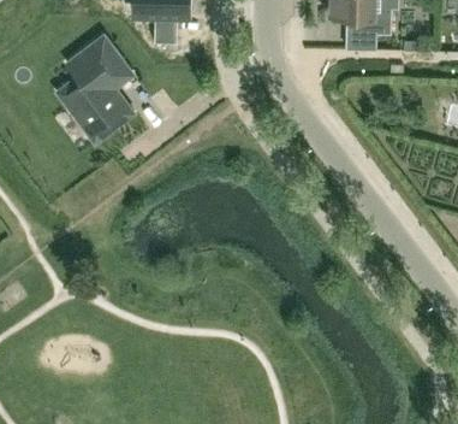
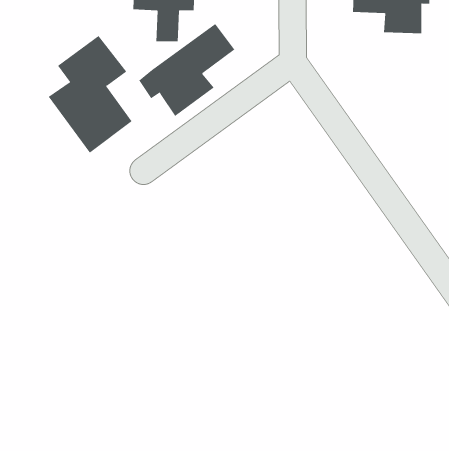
building: none -> [138,23,235,117]

